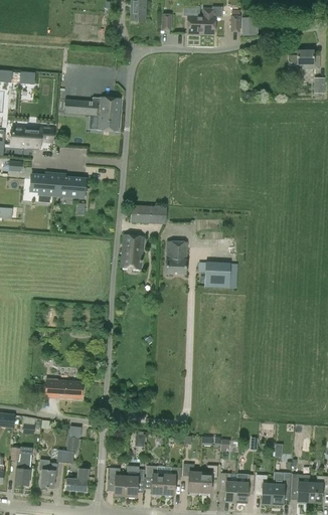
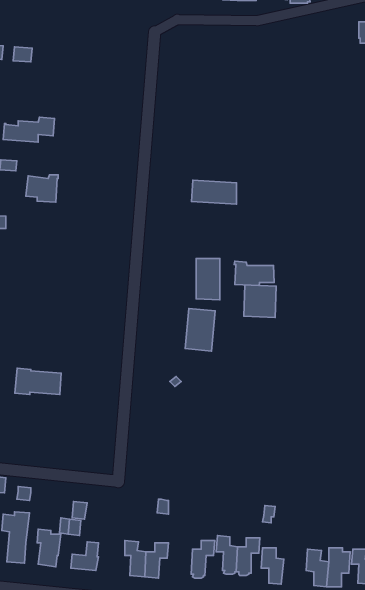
building: [63,96,120,132] -> none
building: [53,176,85,198] -> none
building: [130,205,166,224] -> [192,180,237,204]
building: [120,234,144,269] -> [185,308,215,351]
building: none -> [234,261,274,286]
building: [44,377,81,398] -> [15,368,61,395]
building: [145,465,163,497] -> none
building: [234,474,254,502] -> none

